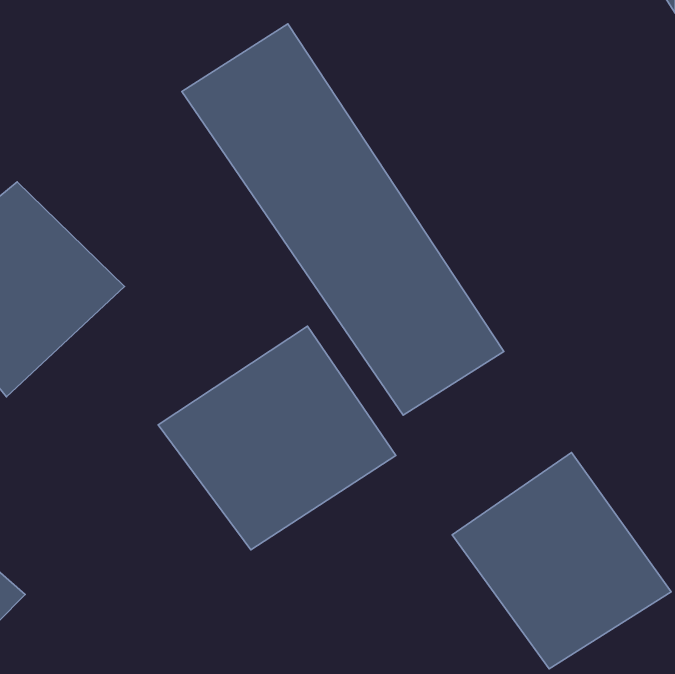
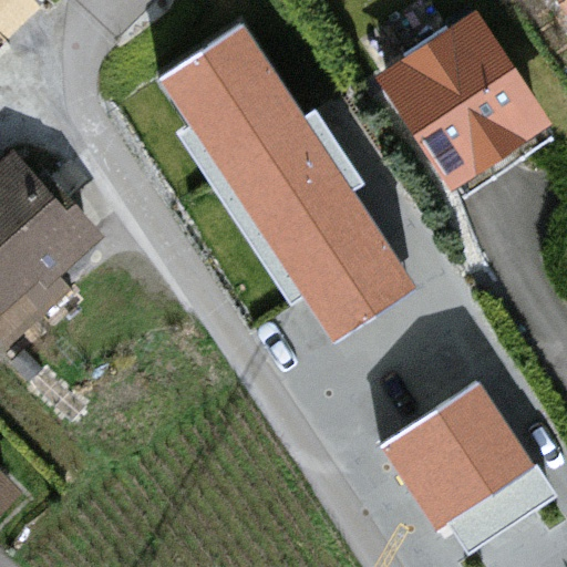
building: none -> [378,17,549,183]
building: [158,326,396,550] -> none

